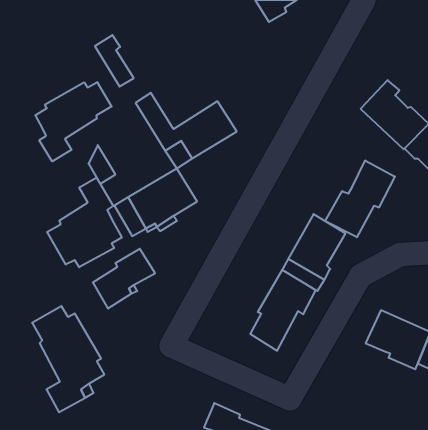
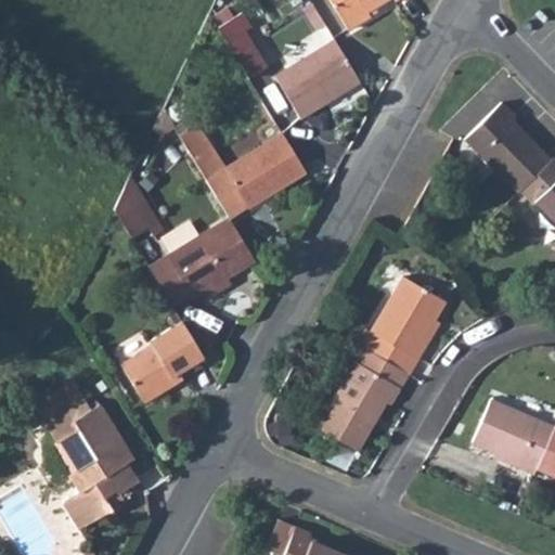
building: none -> [275,40,361,120]
building: [95,35,134,87] -> [219,13,269,79]
building: [35,82,112,161] -> none
building: [325,160,395,237] -> none
building: [47,177,122,267] -> none

